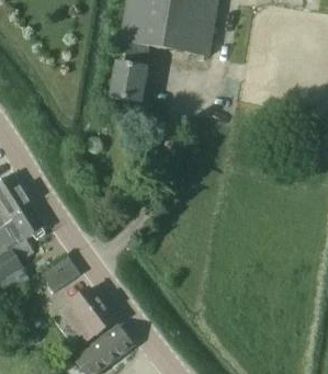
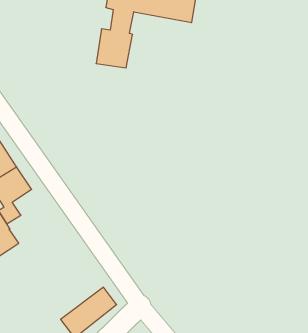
building: [42,256,79,291] -> none
building: [60,286,114,341] -> none

